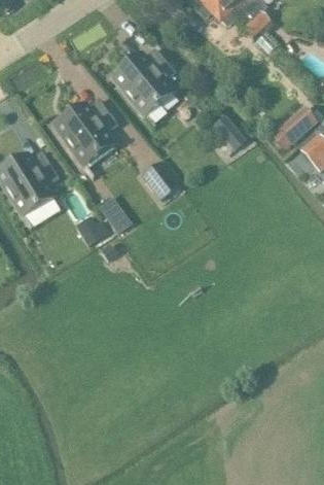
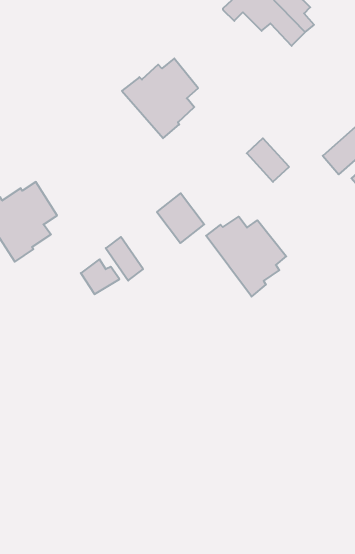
building: [56,100,118,166] -> none
building: none -> [206,217,286,297]

